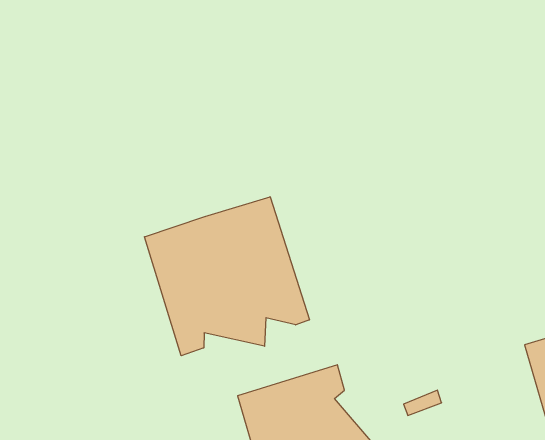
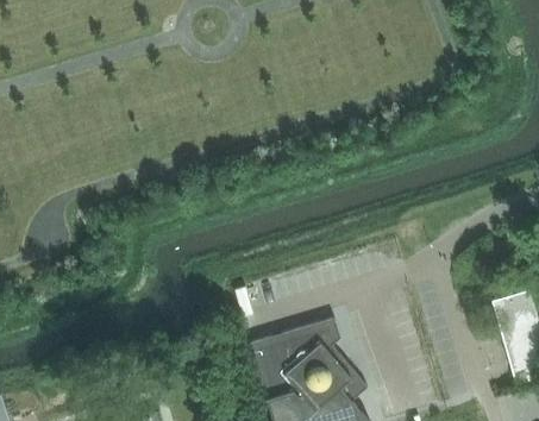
building: [144,197,309,356] -> none

